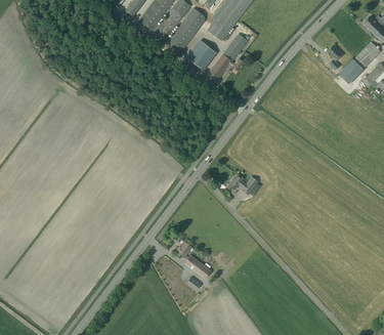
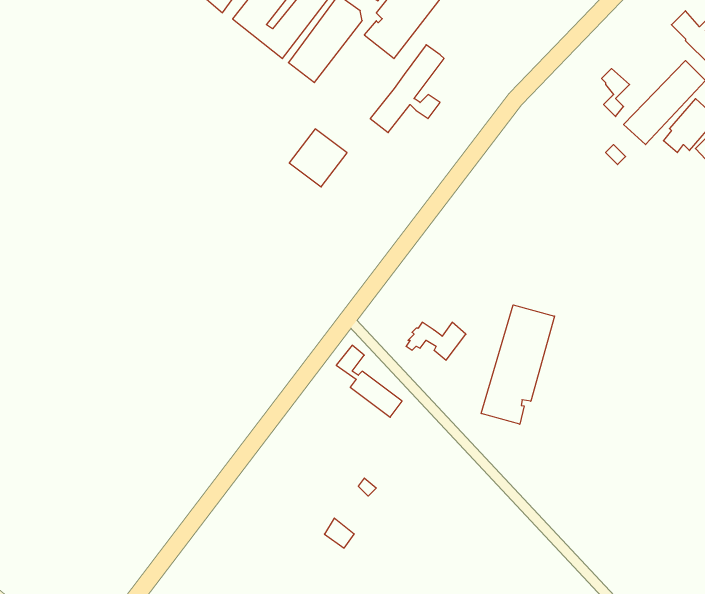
building: [187,40,217,70] -> [289,129,347,187]
building: none -> [481,305,555,424]
building: [178,242,212,279] -> [336,345,402,417]

